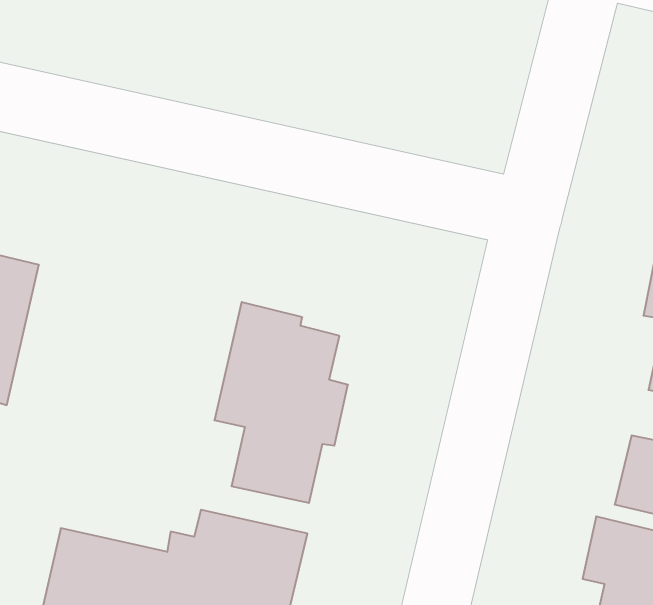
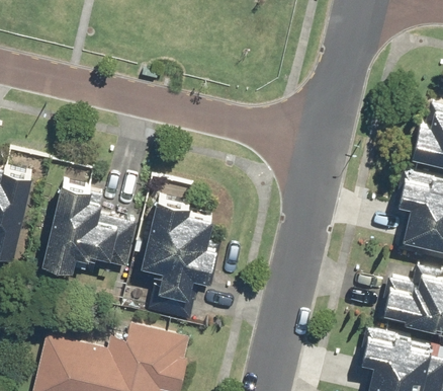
building: none -> [40,182,139,278]

